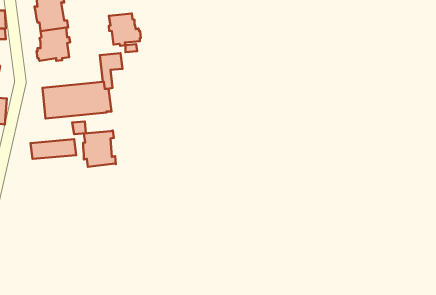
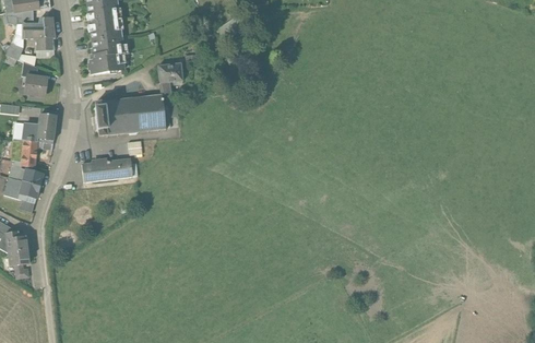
building: [109,13,141,46] -> none
building: [83,131,116,167] -> none

